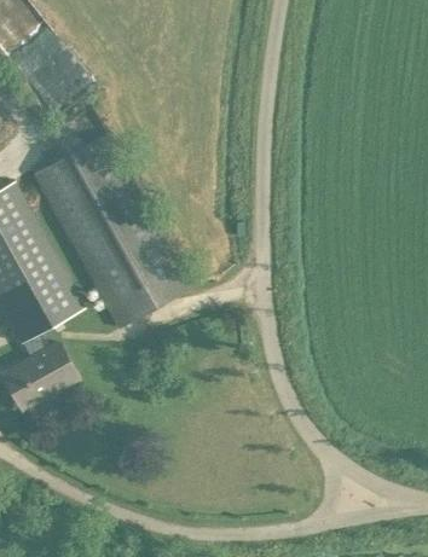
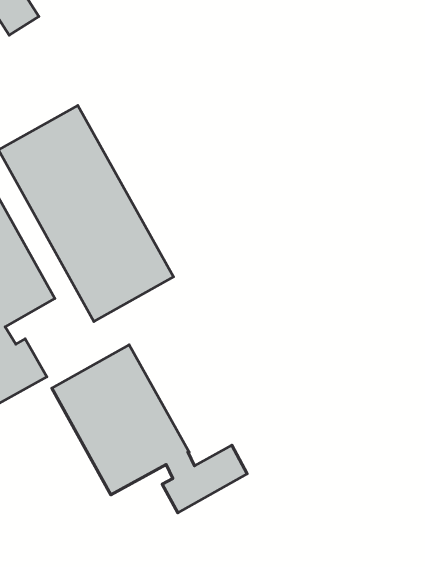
building: none -> [52,345,247,513]

